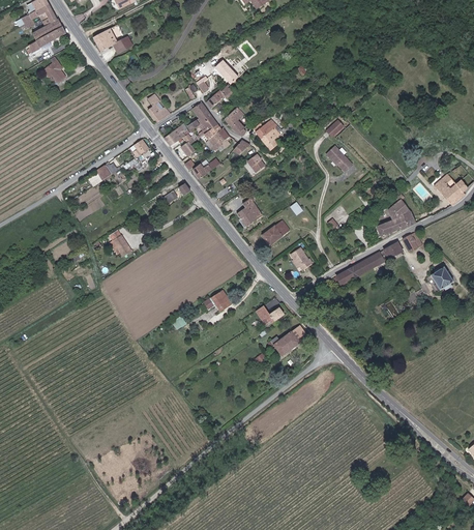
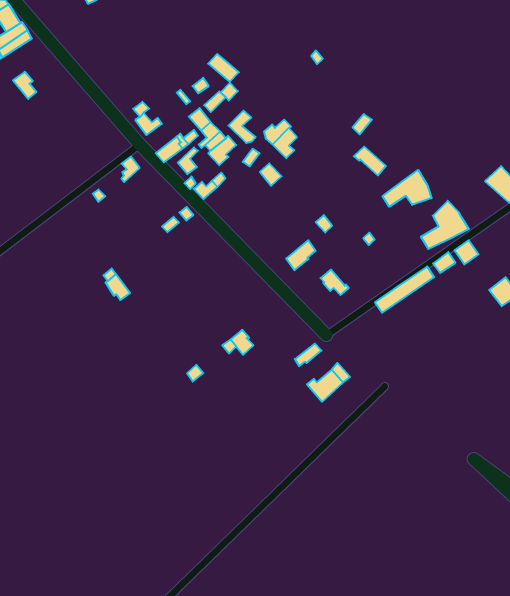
building: [93,29,132,53] -> none
building: none -> [383,170,432,207]
building: [234,198,262,227] -> none

